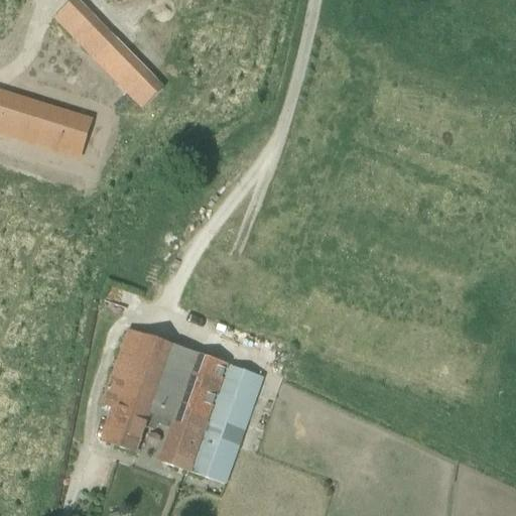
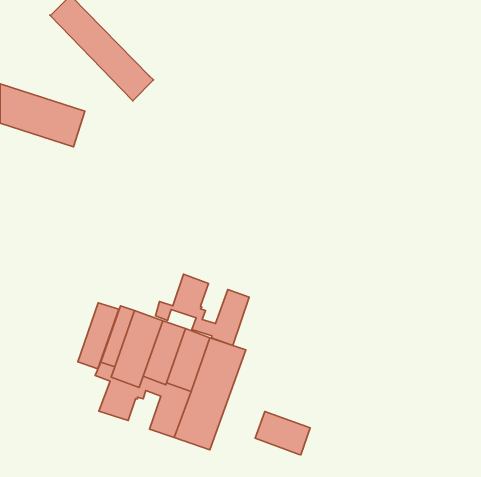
building: none -> [155,274,249,346]
building: none -> [78,303,119,369]
building: none -> [255,412,310,455]

